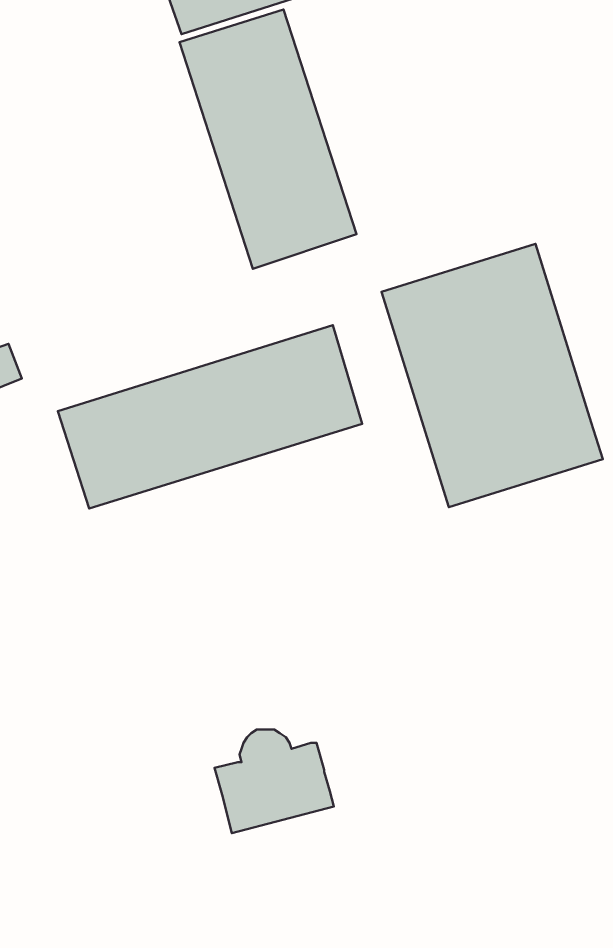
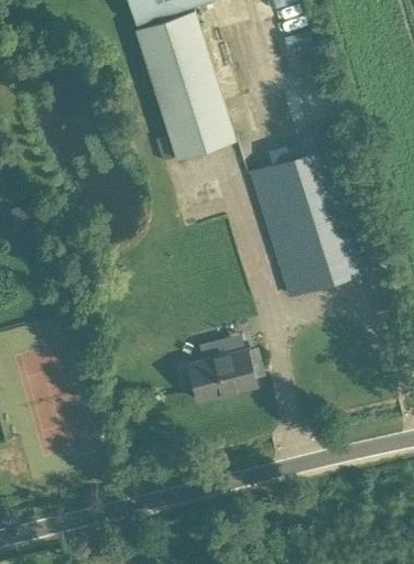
building: [58,325,362,508] -> none
building: [215,729,334,833] -> [188,341,257,401]

